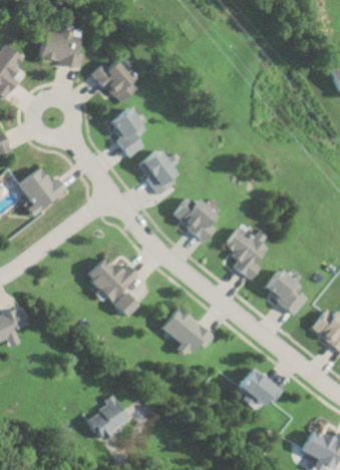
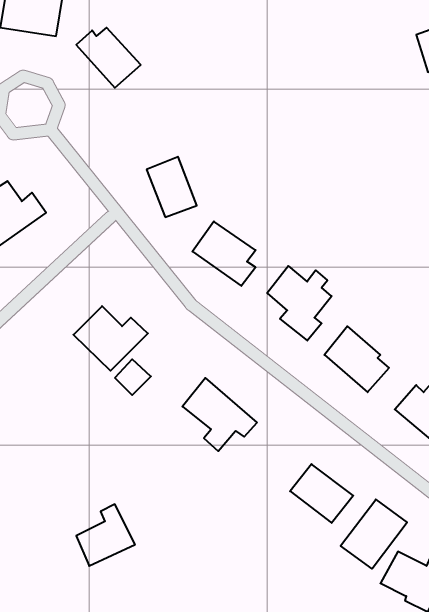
building: [104,108,141,156] -> none
building: none -> [341,499,407,569]

